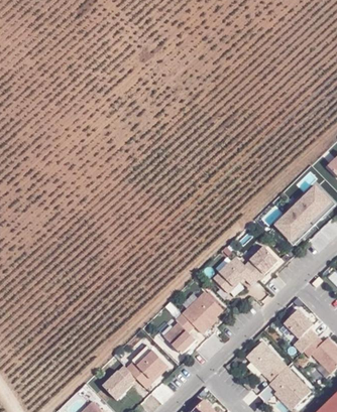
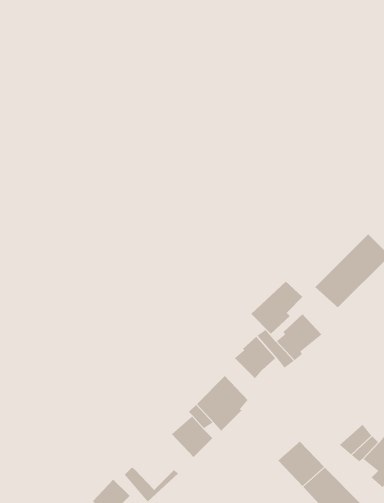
building: none -> [250,281,303,334]
building: [284,309,314,337] -> none
building: [136,350,165,379] -> none

